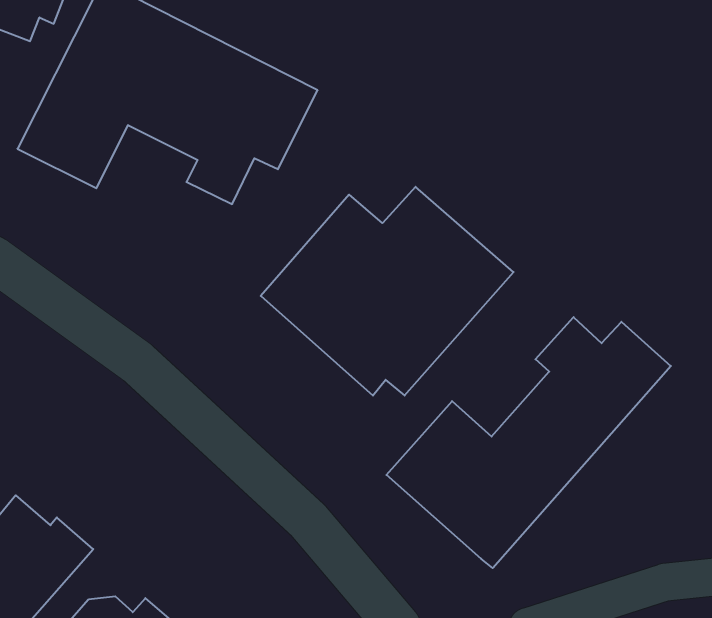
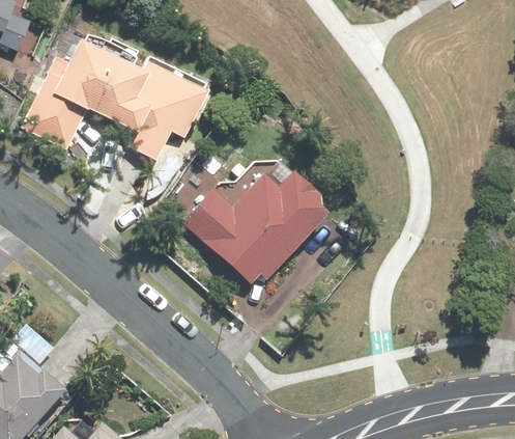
building: [386,317,671,568] -> none

